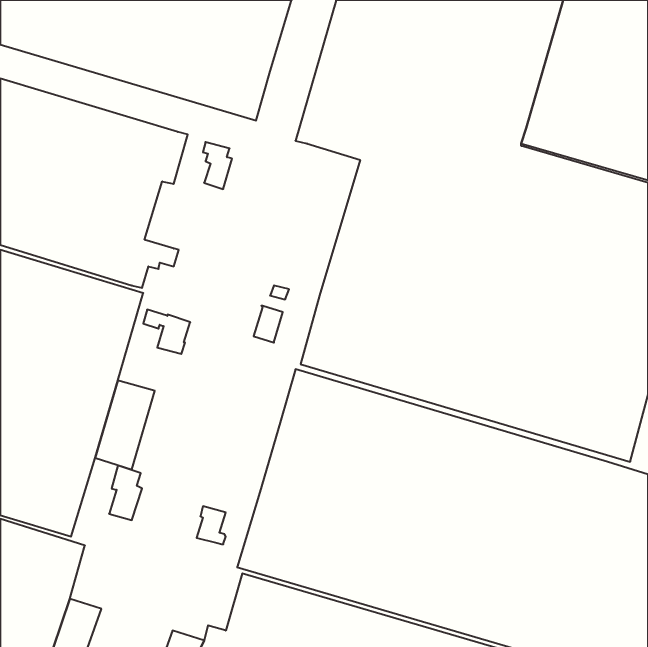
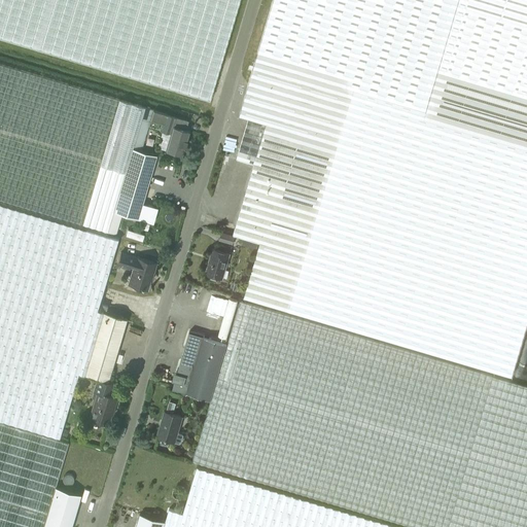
building: none -> [235,117,292,241]
building: none -> [117,148,155,203]
building: none -> [172,331,227,400]

